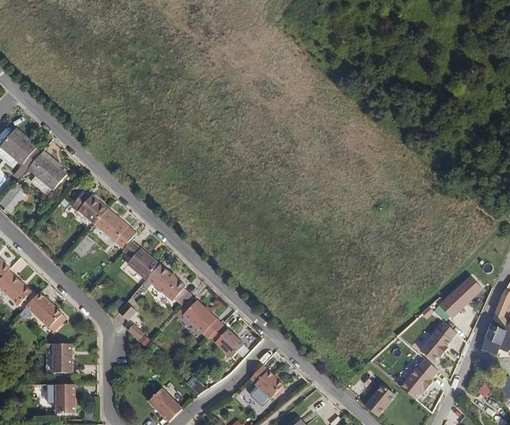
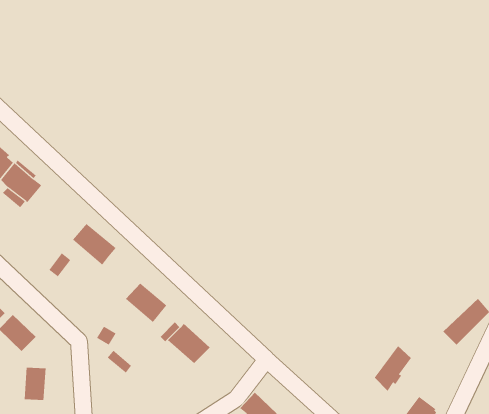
building: [71,192,108,223] -> none
building: [121,239,158,278] -> none
building: [421,322,456,365] -> [374,345,412,392]
building: [208,323,244,359] -> none

